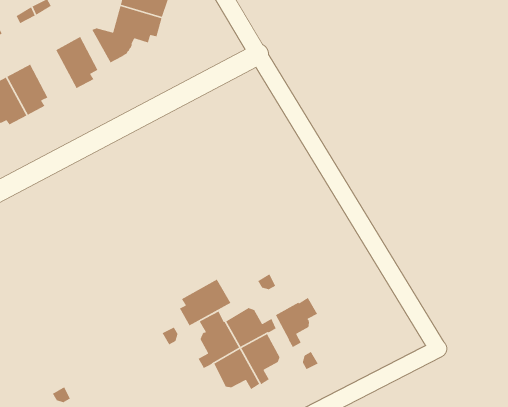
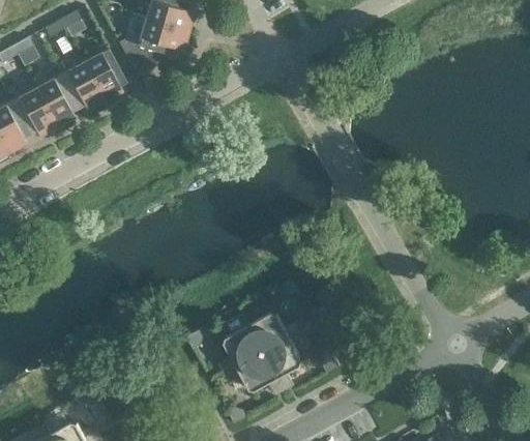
building: none -> [59,61,104,109]
building: [179,278,231,326] -> none
building: [275,297,318,351] -> none

